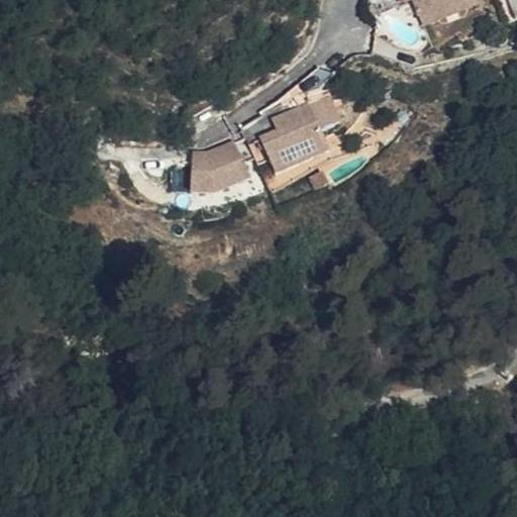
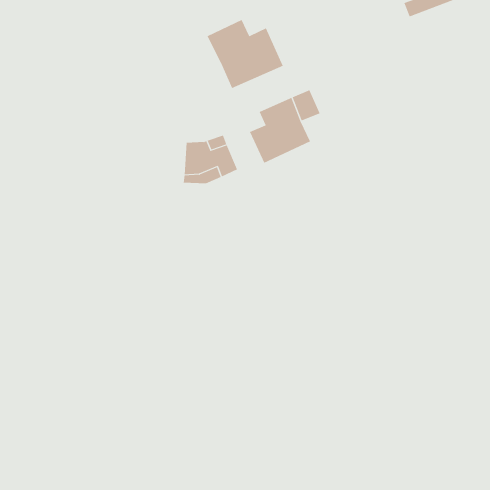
building: none -> [207,19,284,89]

